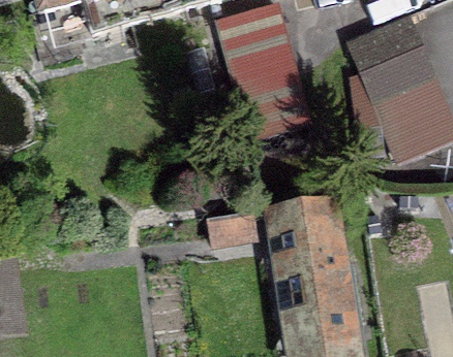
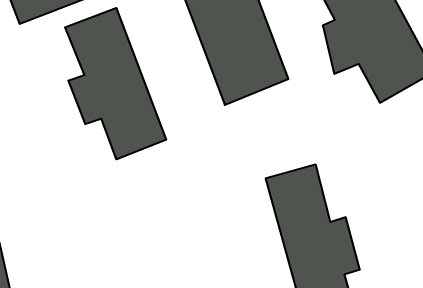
building: none -> [65,8,166,159]

